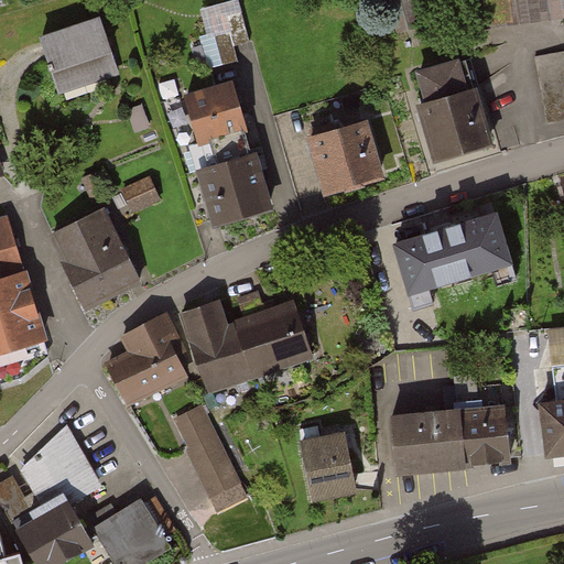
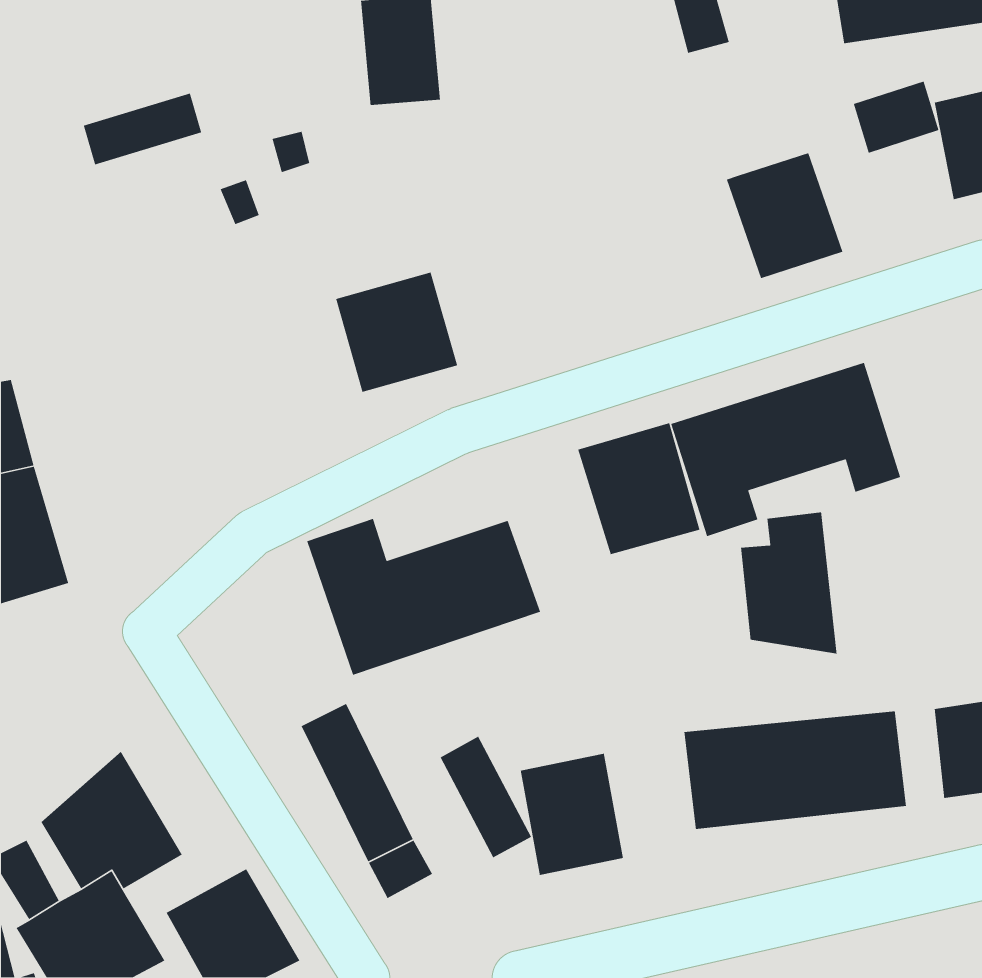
building: [35,14,110,72] -> none
building: [414,58,464,100] -> [853,81,939,154]
building: [186,83,248,141] -> none
building: [306,119,377,195] -> [577,422,701,555]
building: [122,174,162,212] -> none
building: [48,209,141,312] -> none
building: none -> [740,512,838,654]
building: [108,315,180,402] -> none
building: none -> [439,736,532,859]

